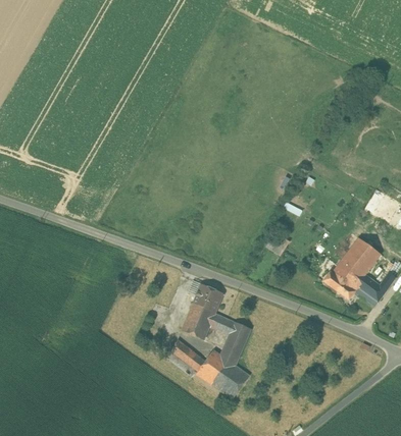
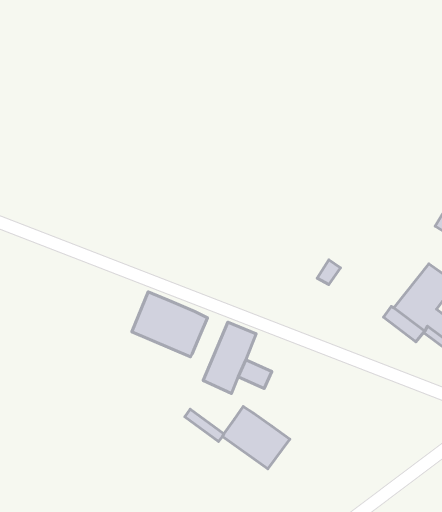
building: none -> [132,292,207,357]
building: [221,322,251,365] -> none
building: [171,338,206,371] -> none

